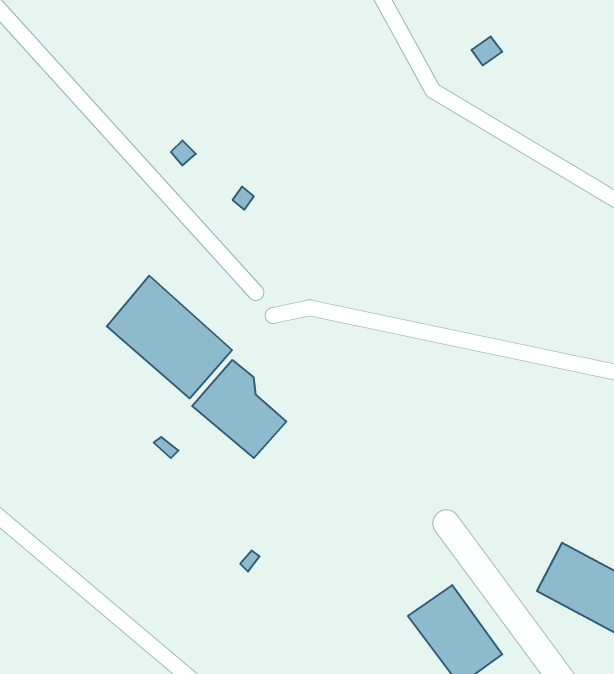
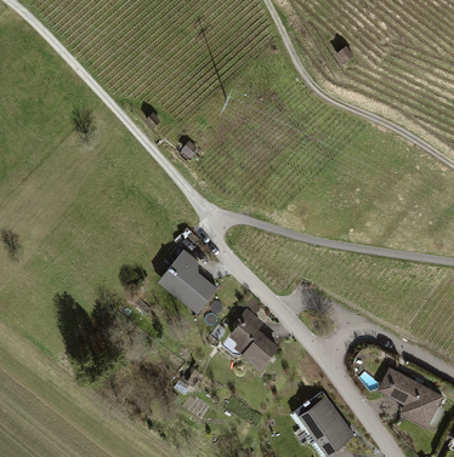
building: [107,276,232,398] -> none
building: none -> [222,310,282,369]

